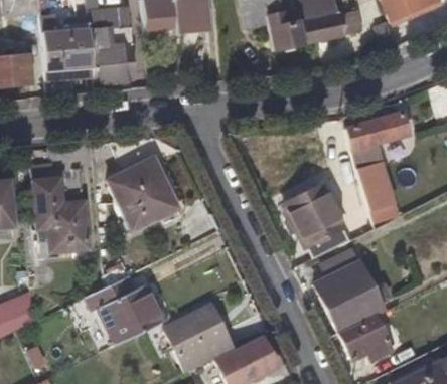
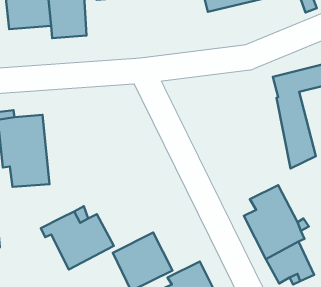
building: [108,157,188,231] -> none
building: [282,183,351,259] -> none

